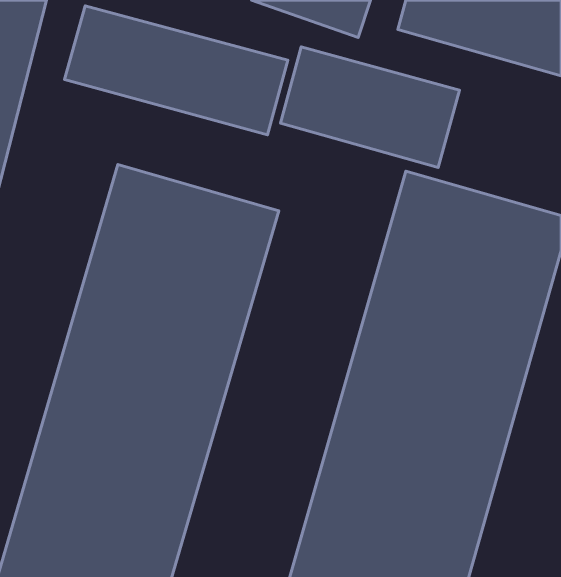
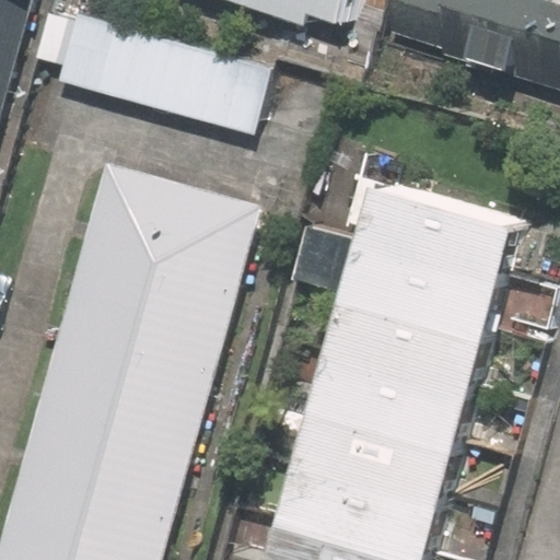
building: [280,47,459,168] -> none

